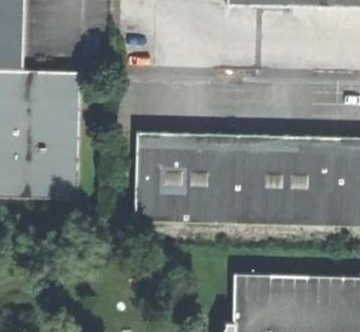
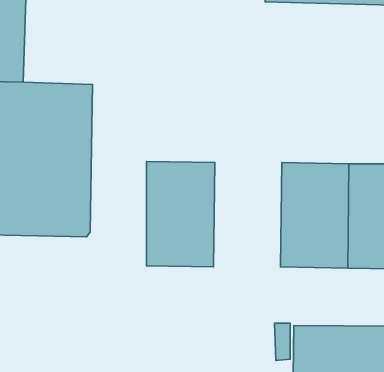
building: [183,137,240,225] -> none

